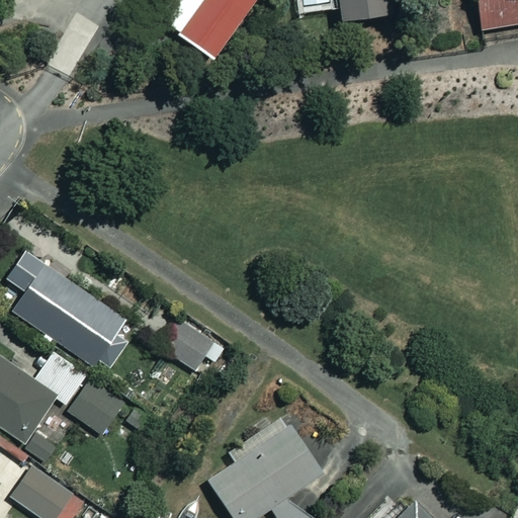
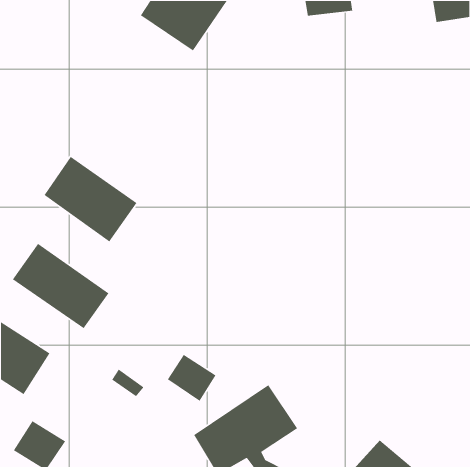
building: none -> [43,156,137,242]
building: [161,319,215,371] -> [167,354,217,402]
building: [69,379,123,434] -> none

